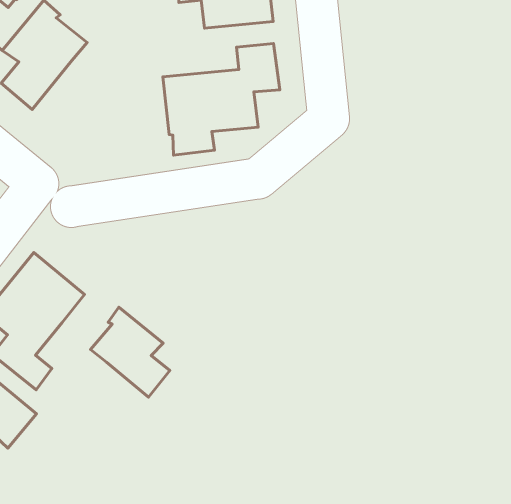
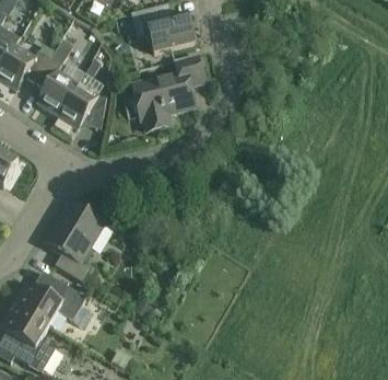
building: none -> [58,81,106,127]
building: [90,307,170,397] -> none

